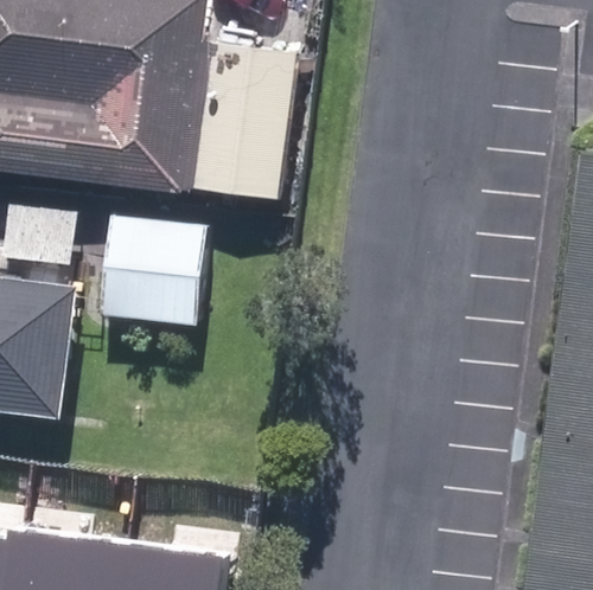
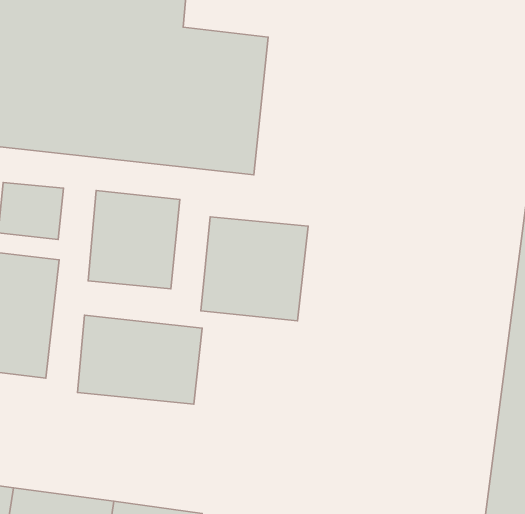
building: none -> [201,217,308,321]
building: none -> [78,315,202,404]

